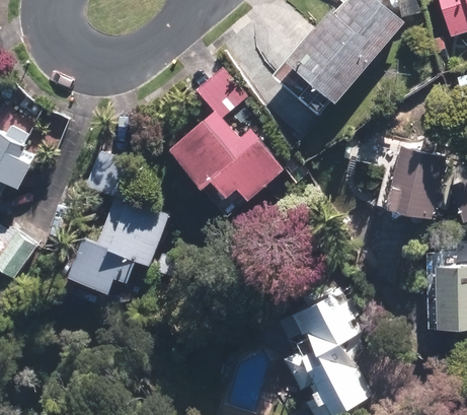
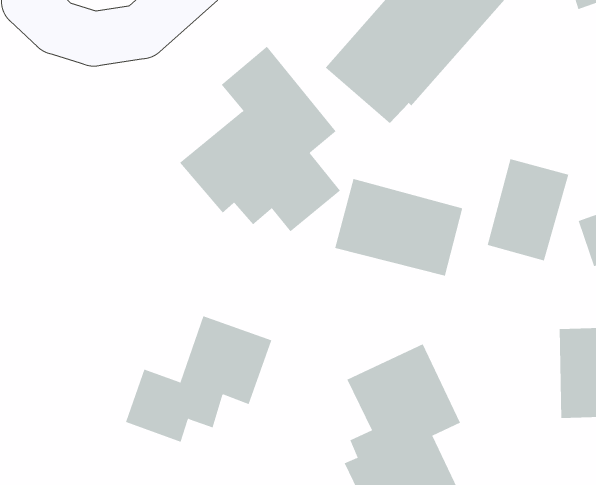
building: none -> [334,178,463,276]
building: [68,198,171,287] -> [125,315,272,443]

